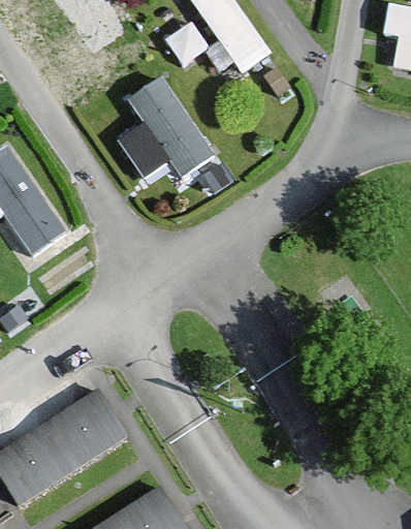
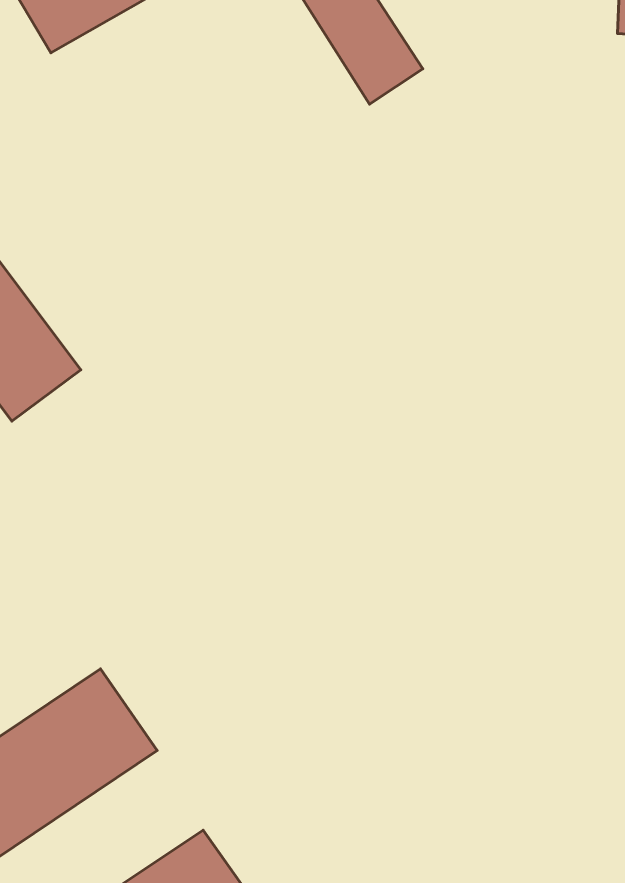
building: [117,71,210,191] -> none

